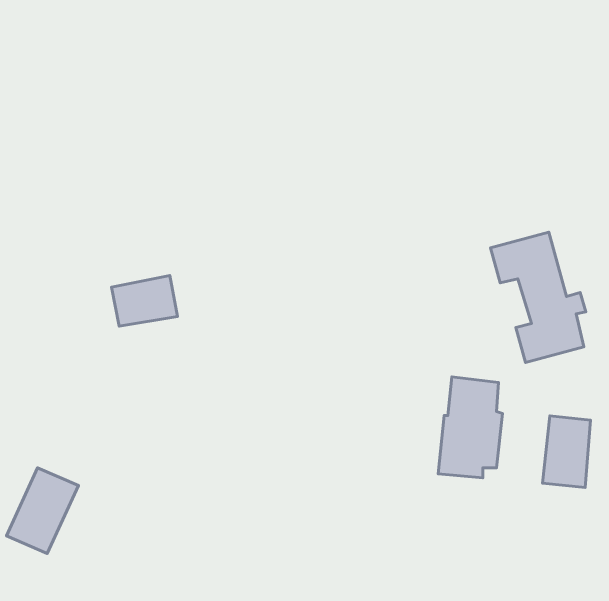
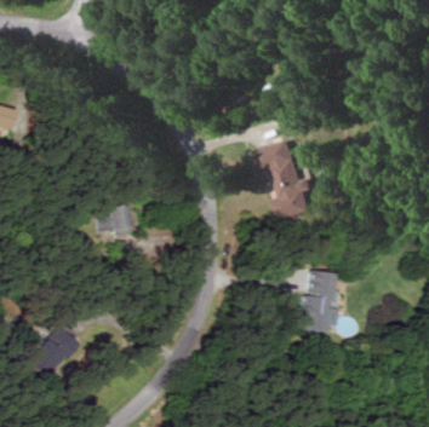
building: [491,232,586,362] -> [261,139,320,220]
building: [542,416,591,487] -> none

